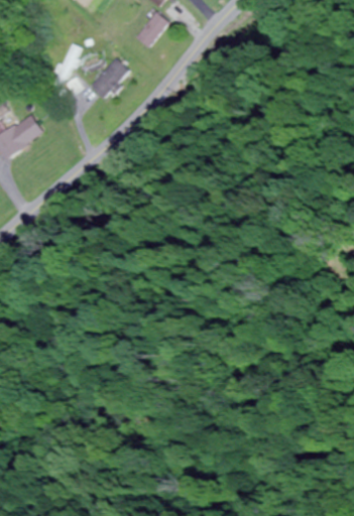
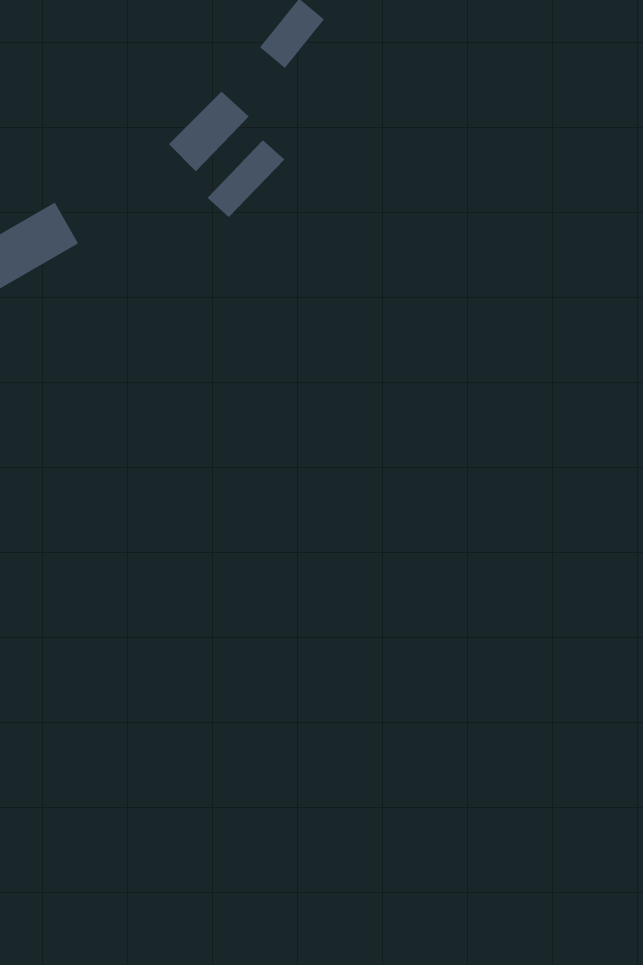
building: none -> [207,140,285,218]

